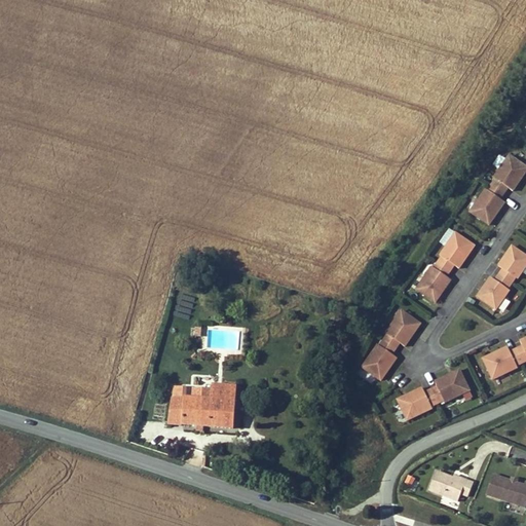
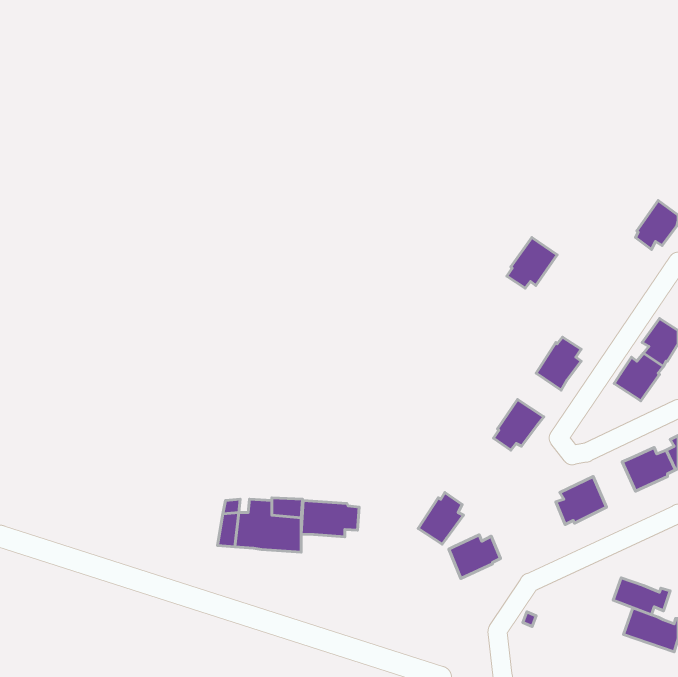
building: [469,184,504,225] -> none
building: [436,231,475,270] -> [507,238,557,288]
building: [362,339,397,379] -> [418,493,463,544]
building: [398,387,438,421] -> [449,535,501,578]
building: none -> [301,500,359,537]
building: [426,467,471,496] -> [613,578,670,615]

